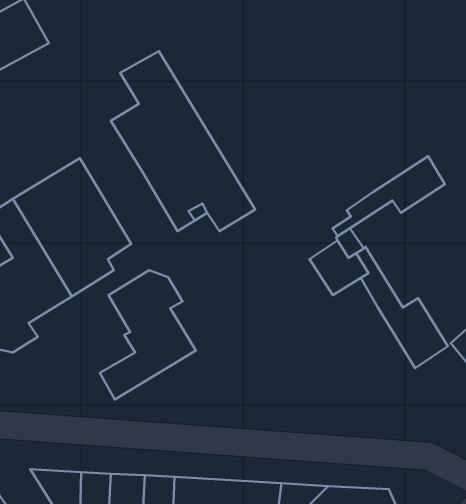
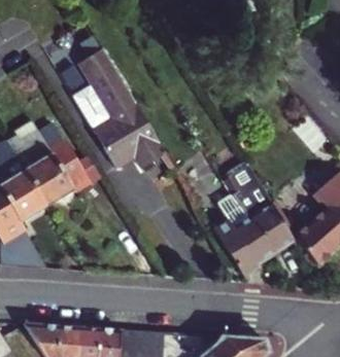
building: [333,156,445,236] -> none
building: [100,270,196,399] -> none
building: none -> [227,218,277,278]

